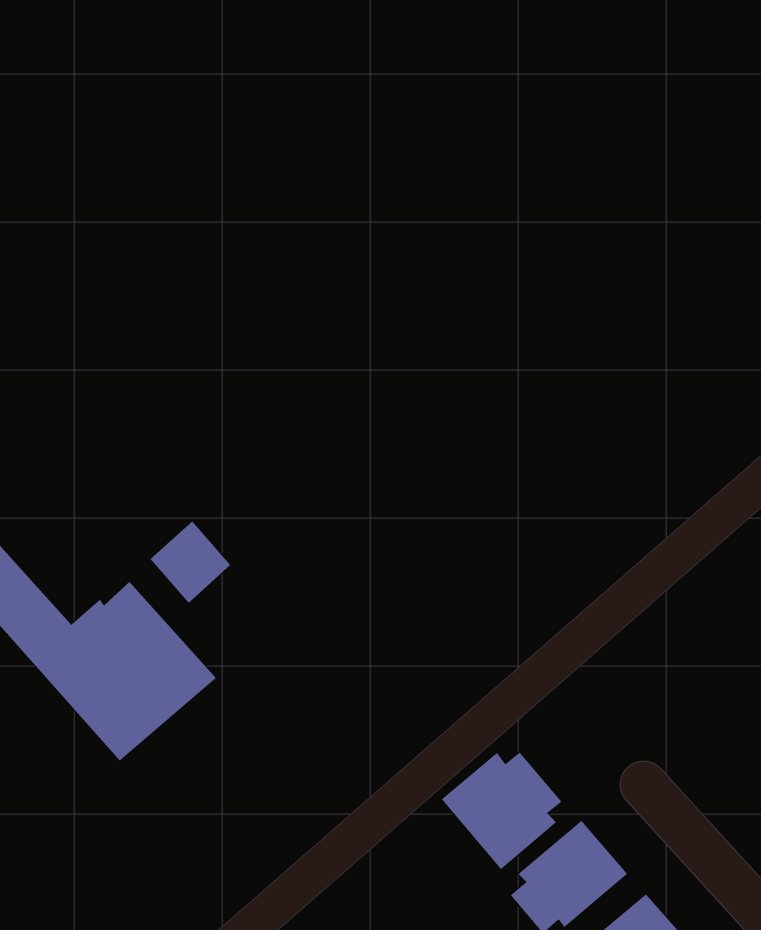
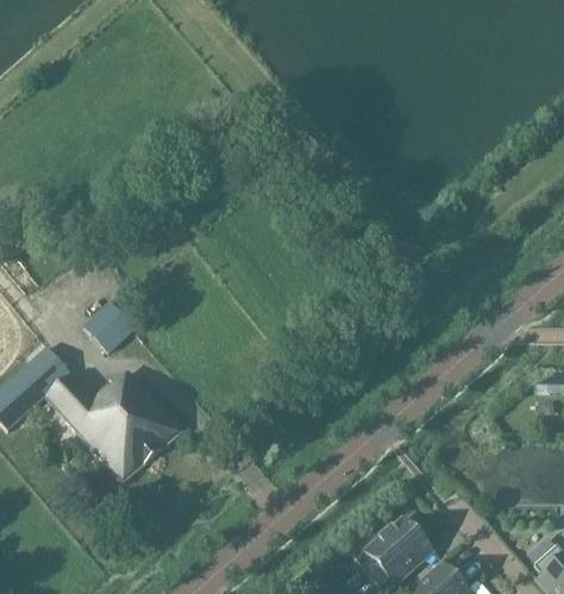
building: [150,520,231,604] -> [82,301,132,352]
building: [441,752,562,870] -> none

